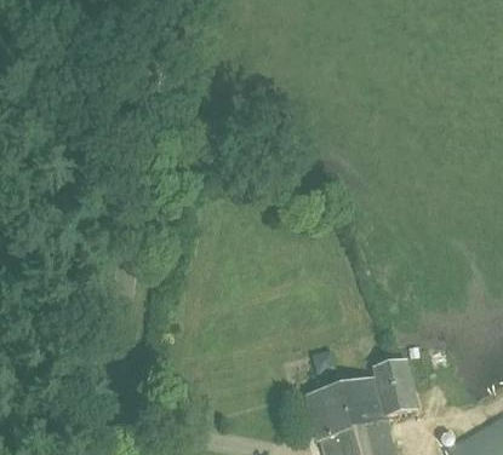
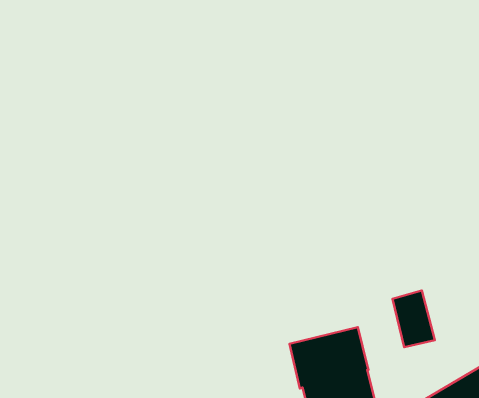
building: [373,357,417,415] -> [392,291,435,347]

